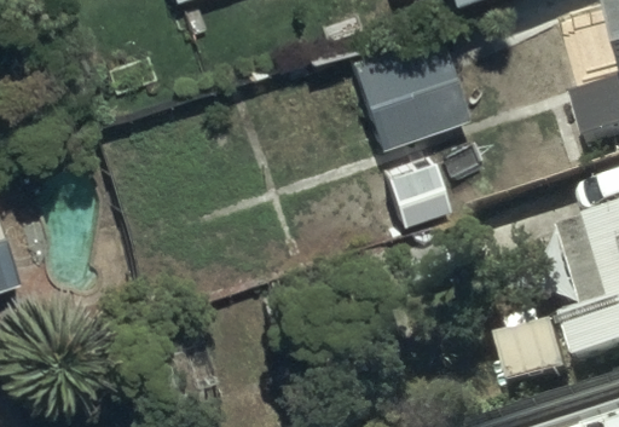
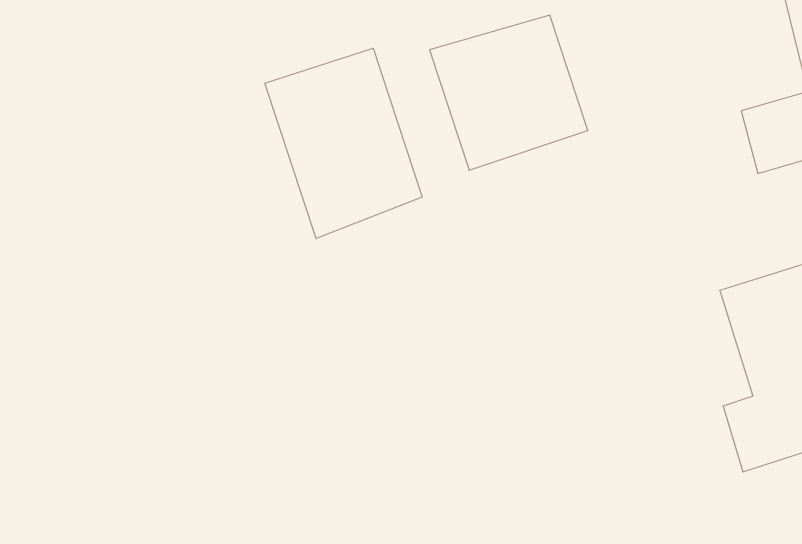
building: none -> [265,48,422,239]

